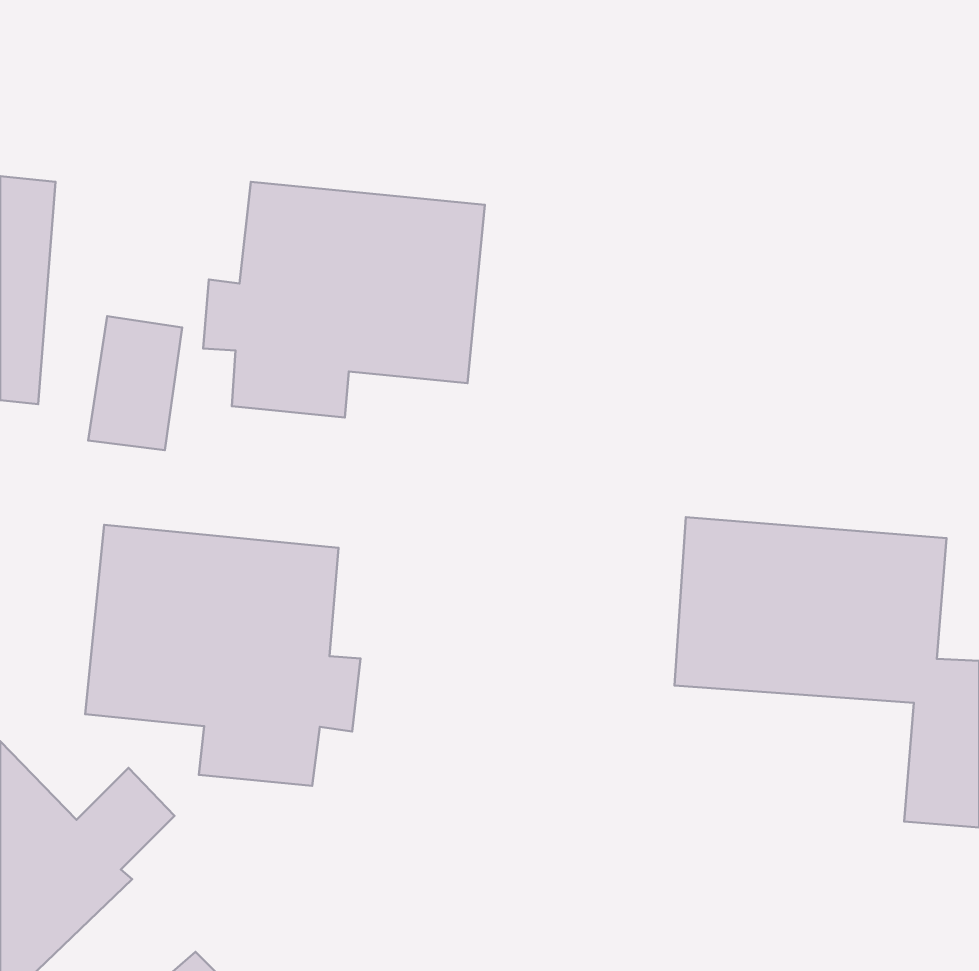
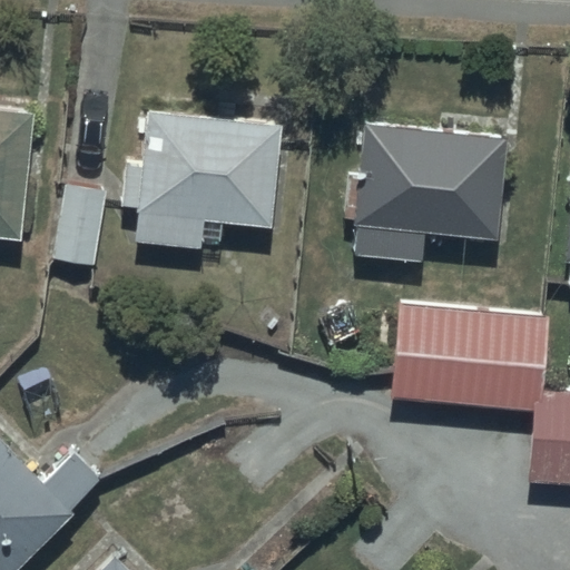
building: none -> [353,121,503,262]
building: [85,525,360,786] -> none

